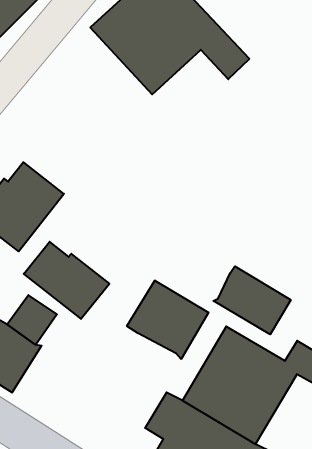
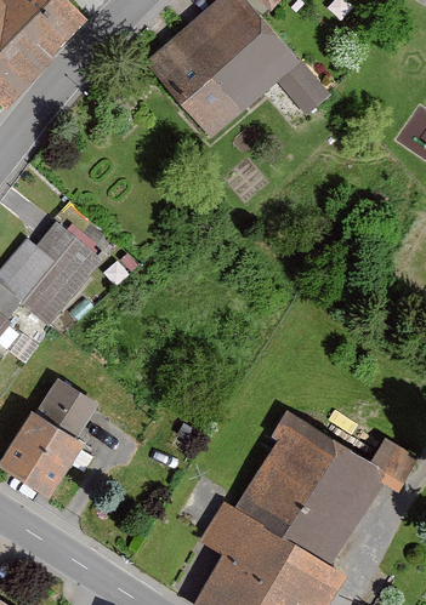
building: [24,242,109,319] -> none
building: [213,266,291,334] -> none
building: [127,280,208,359] -> none

